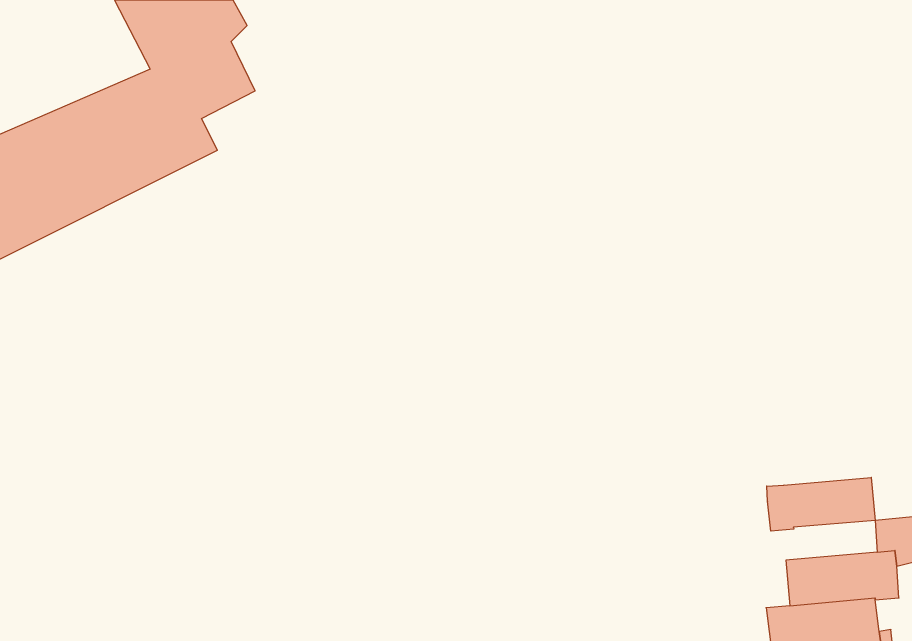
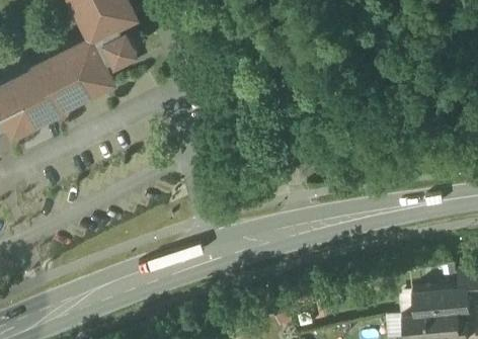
building: [767,477,875,531] -> none

